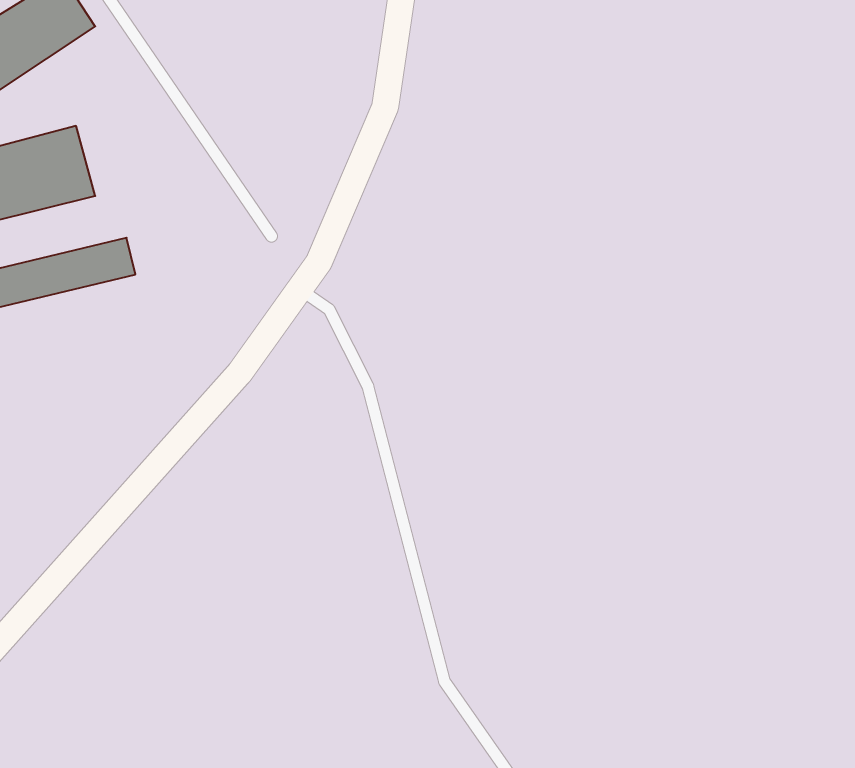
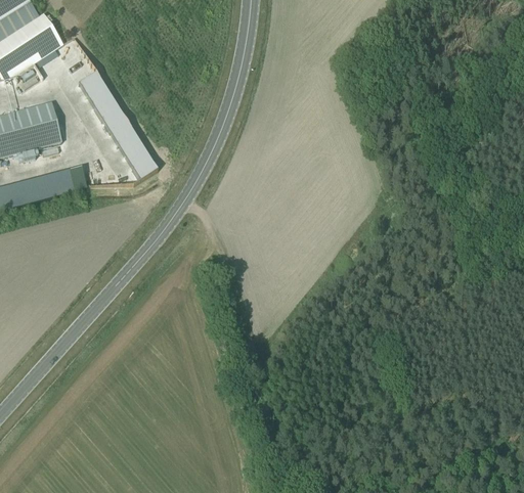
building: none -> [68,69,151,177]

